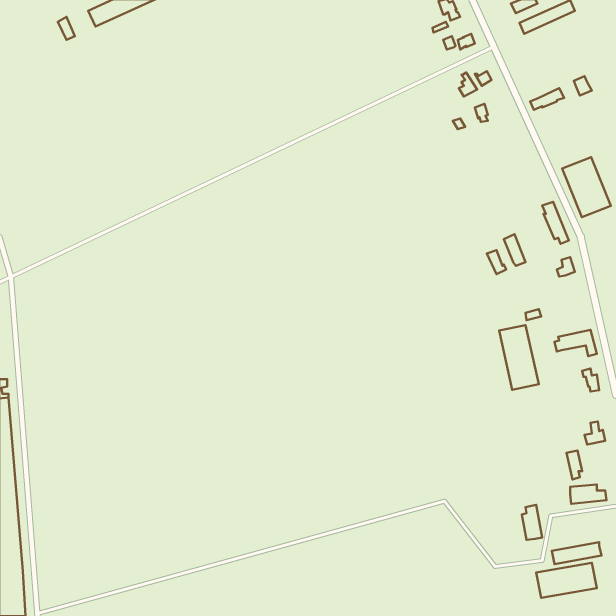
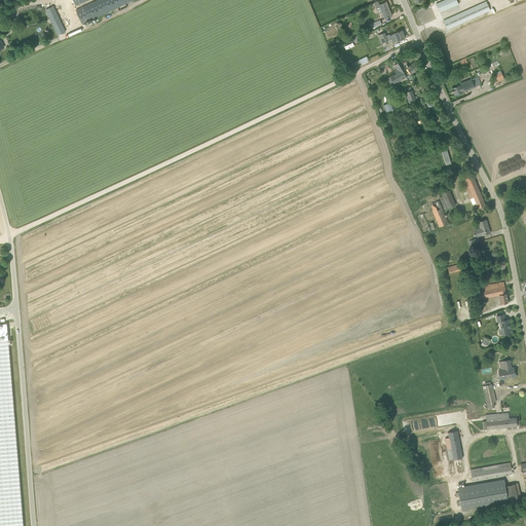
building: [562,157,611,217] -> none
building: [499,325,539,390] -> none

